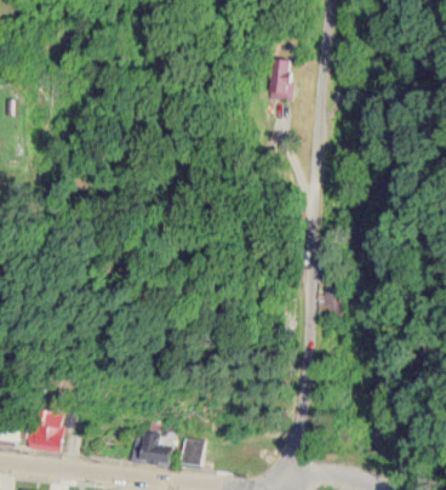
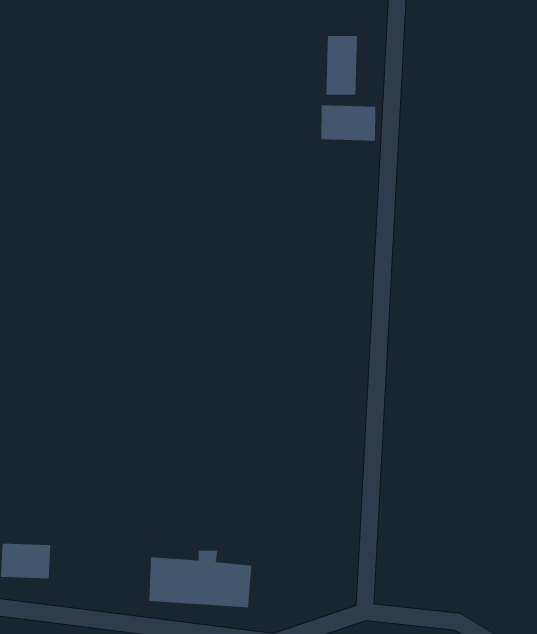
building: none -> [321,105,376,141]

